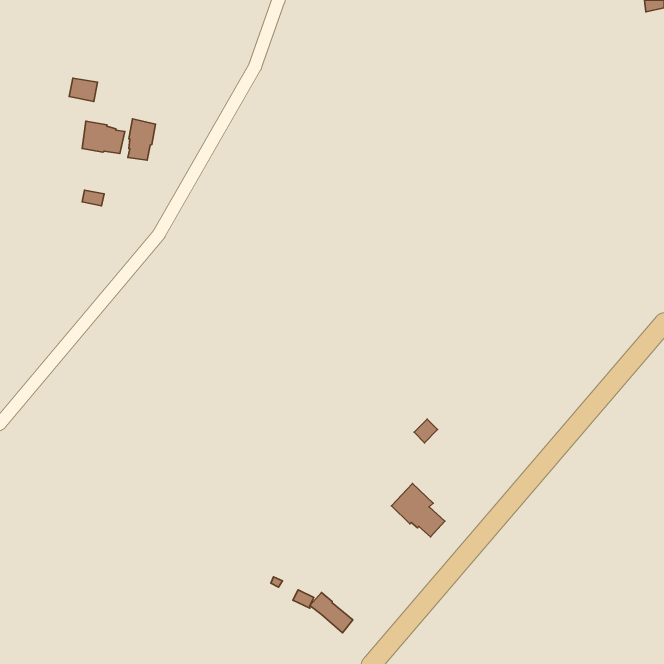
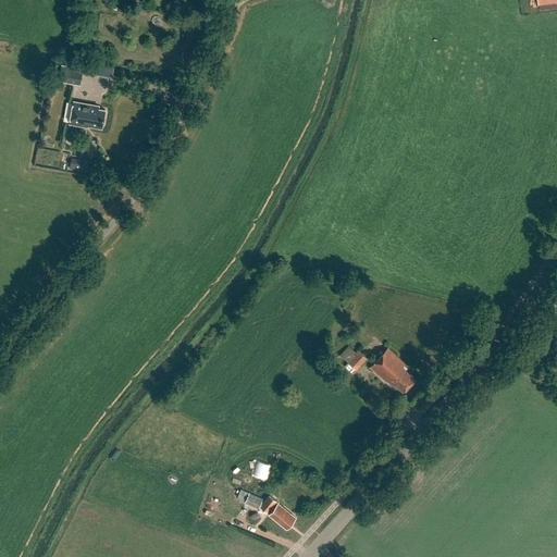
building: [128,119,156,160] -> none
building: [392,484,445,537] -> [370,348,414,393]

